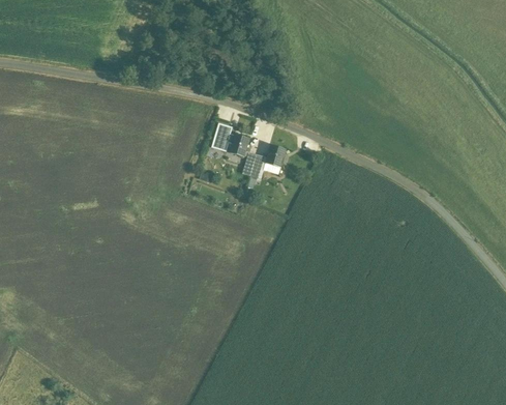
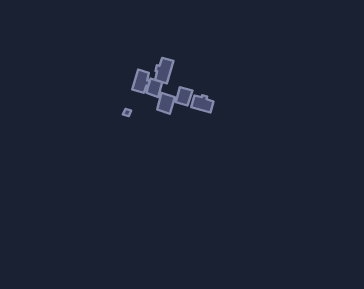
building: none -> [155,58,173,83]
building: none -> [191,95,213,113]

